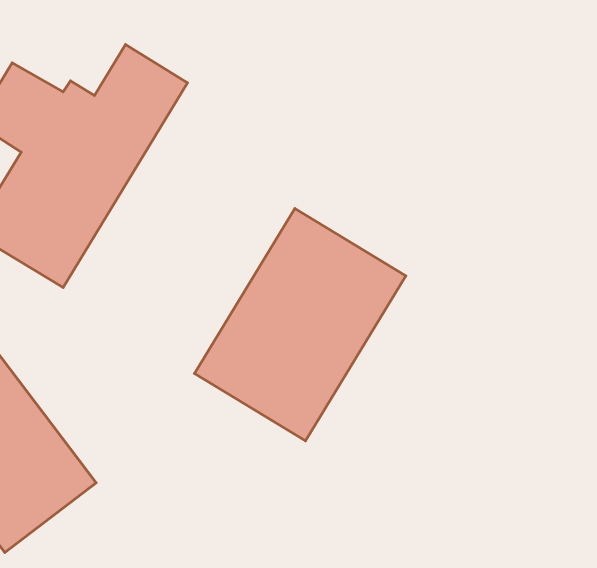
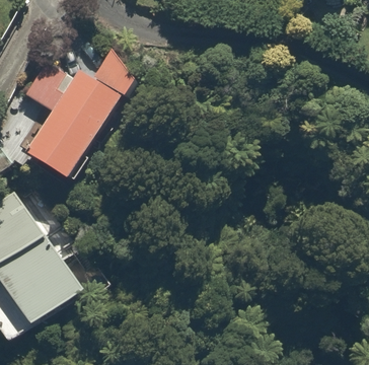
building: [195,208,406,441] -> none

